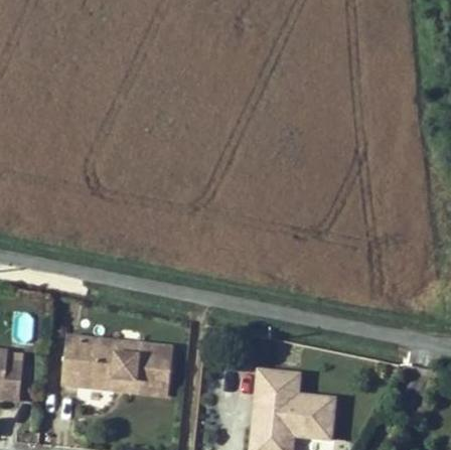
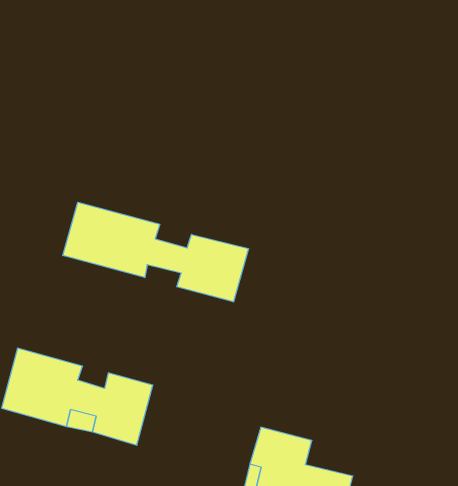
building: none -> [63,202,248,302]

